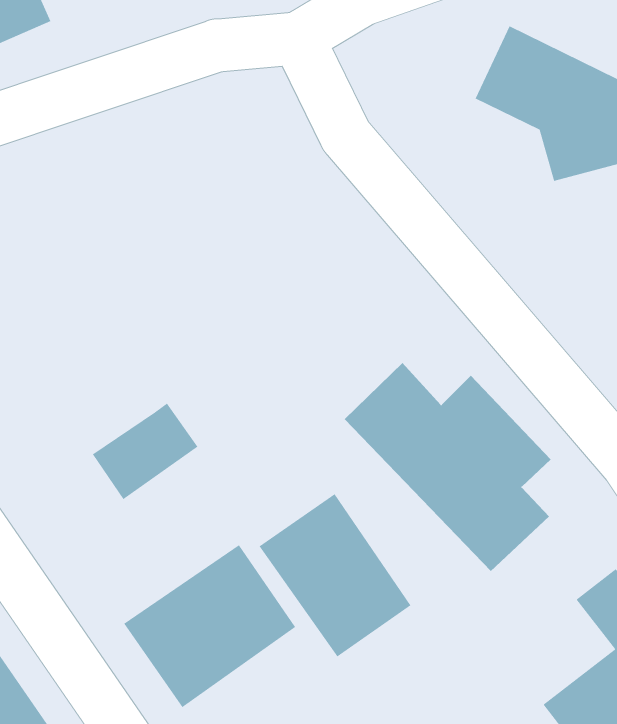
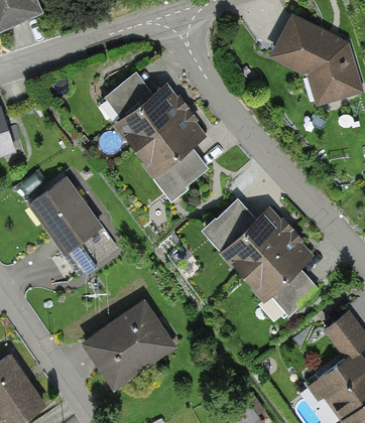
building: none -> [106,74,204,191]
building: none -> [30,177,98,250]
building: [258,493,411,658] -> none

